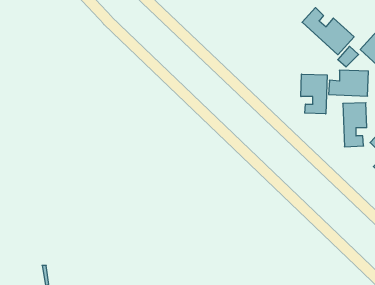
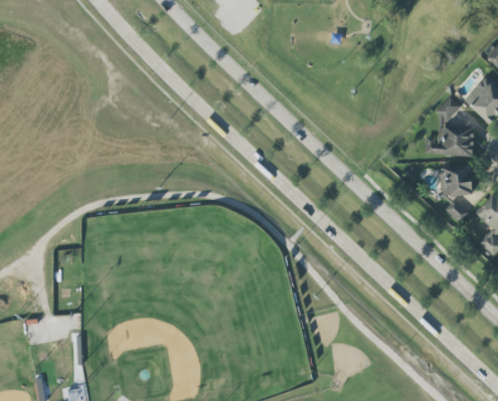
building: [302,8,354,55] -> none
building: [301,74,327,114] -> none

